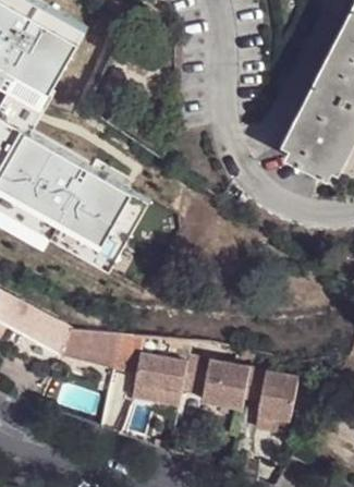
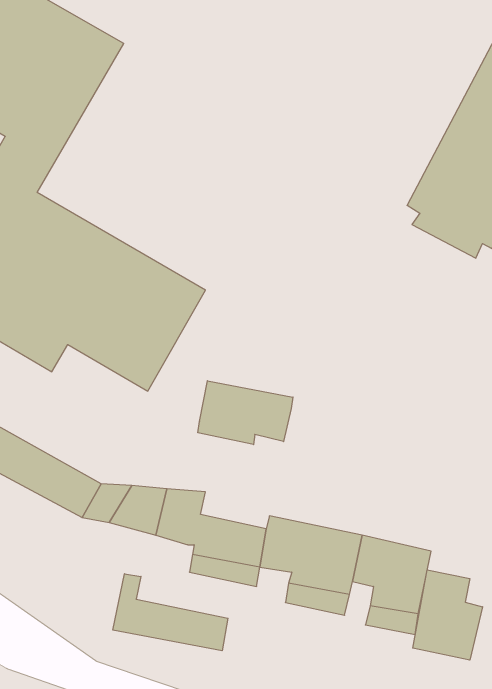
building: none -> [198,381,293,445]
building: none -> [413,570,483,660]
building: none -> [113,574,228,651]

